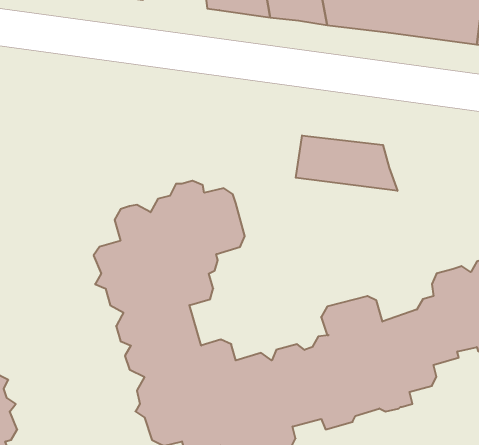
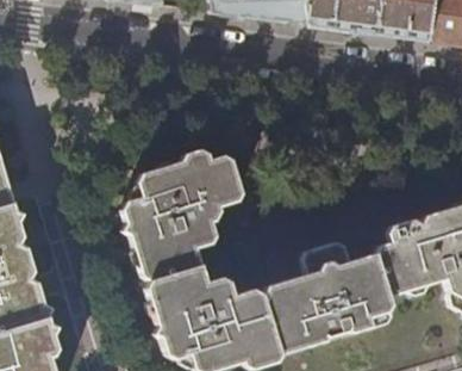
building: [296,135,397,191] -> none

